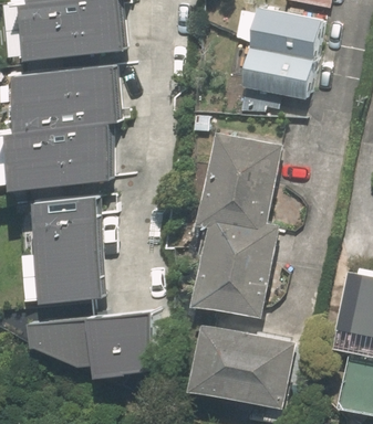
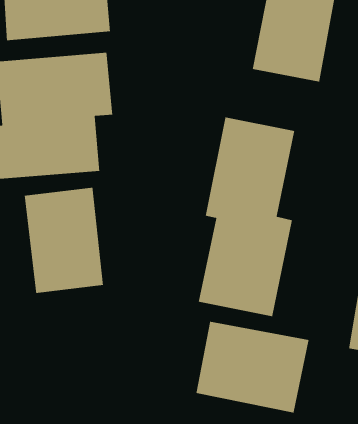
building: [31,312,148,373] -> none

